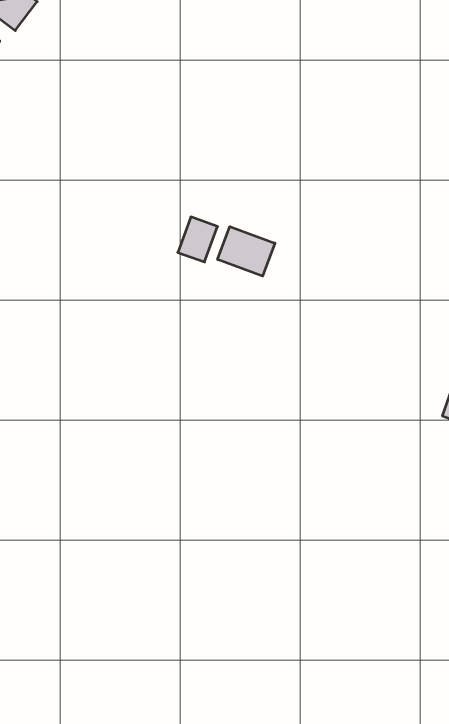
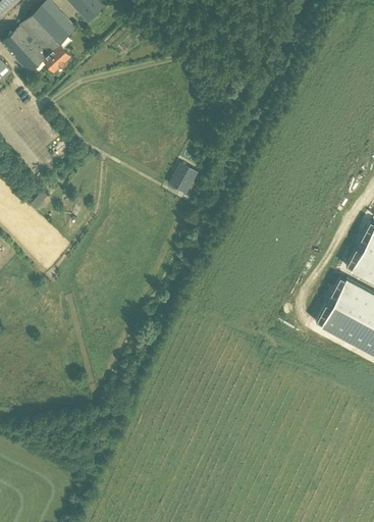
building: [218,227,275,276] -> none

